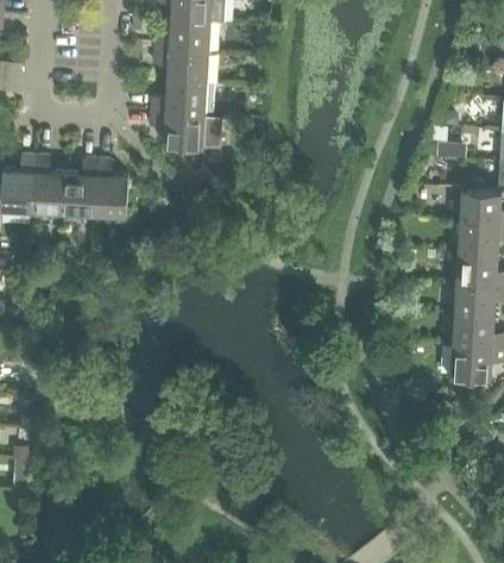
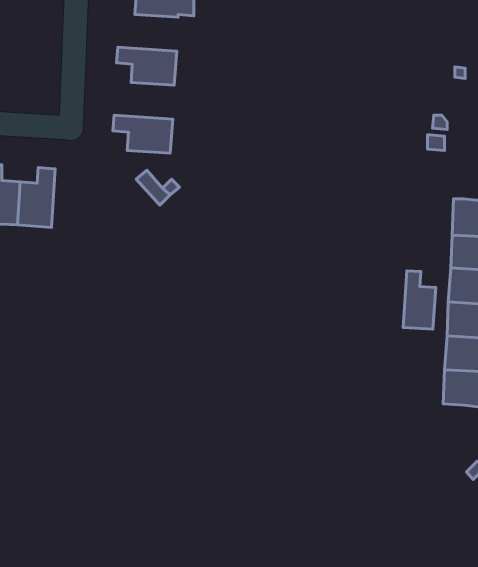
building: [156,20,210,54] -> none
building: [152,82,207,115] -> none
building: [95,161,127,215] -> none
building: none -> [403,271,436,329]

